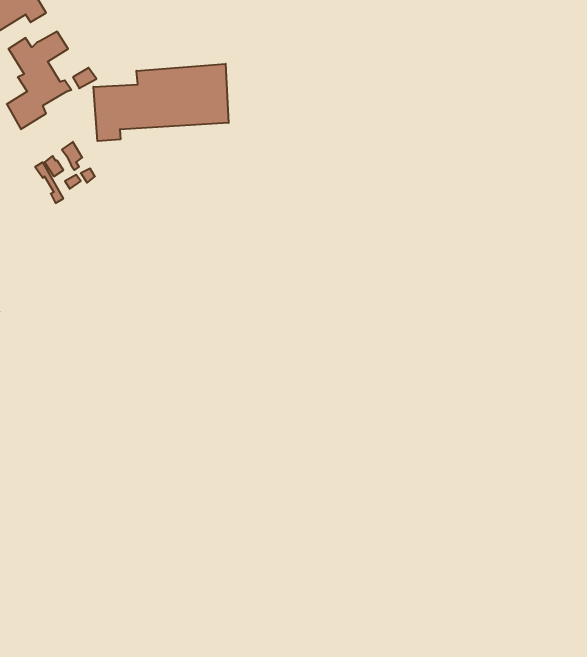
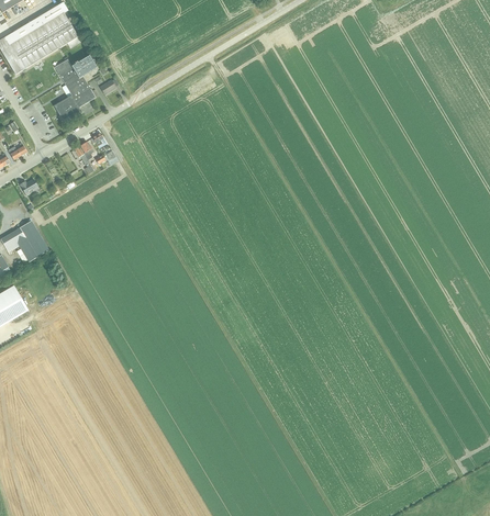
building: [93,64,229,141] -> none

